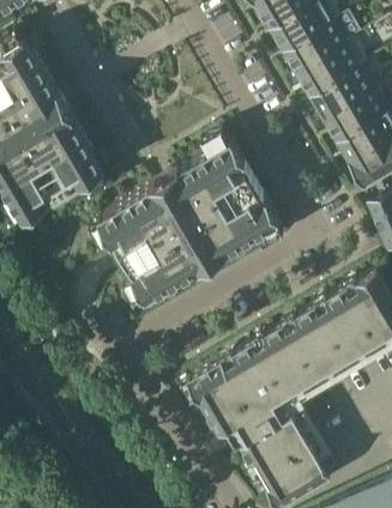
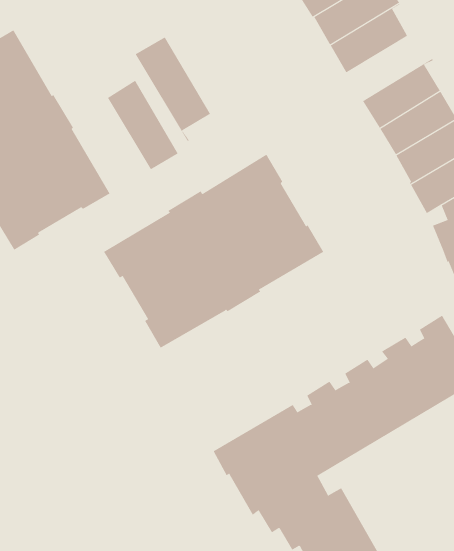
building: [297,38,368,96] -> none
building: none -> [135,36,211,142]
building: none -> [107,80,178,170]

